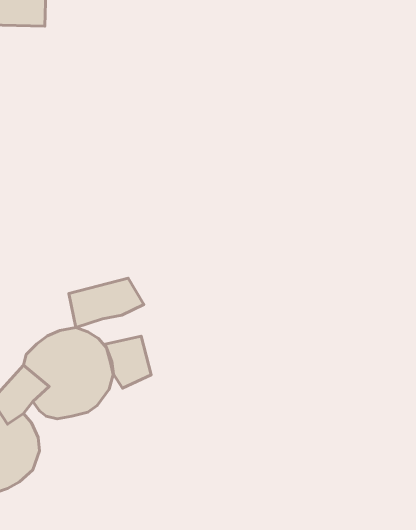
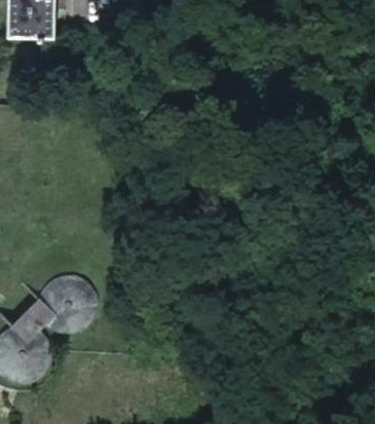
building: [69,278,144,328] -> none
building: [105,336,151,388] -> none

